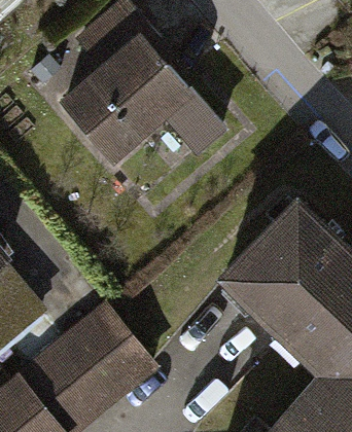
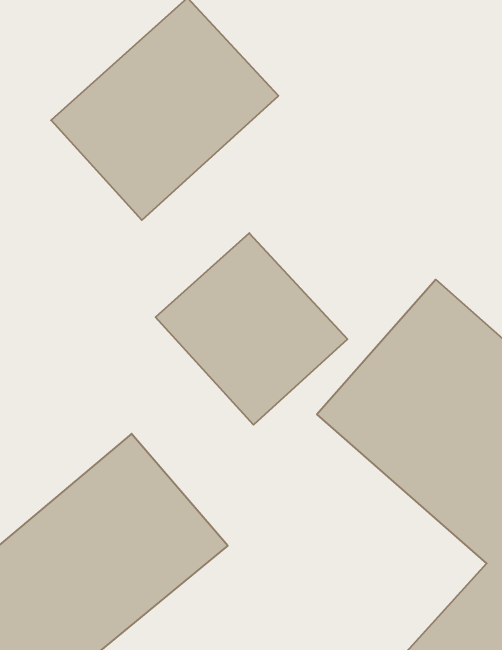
building: none -> [156,233,347,425]

